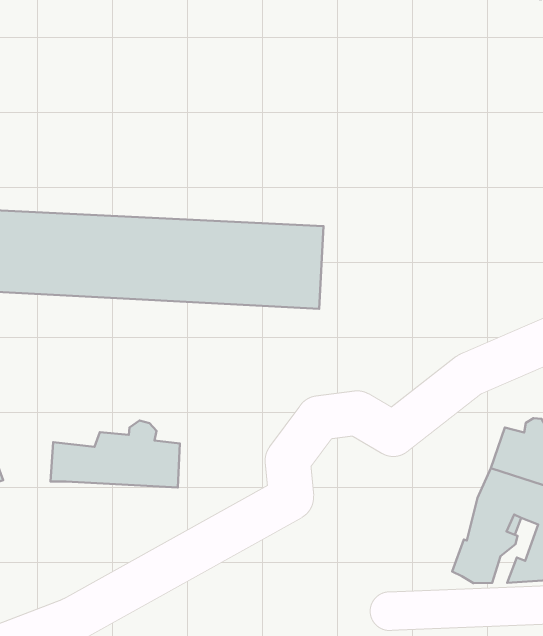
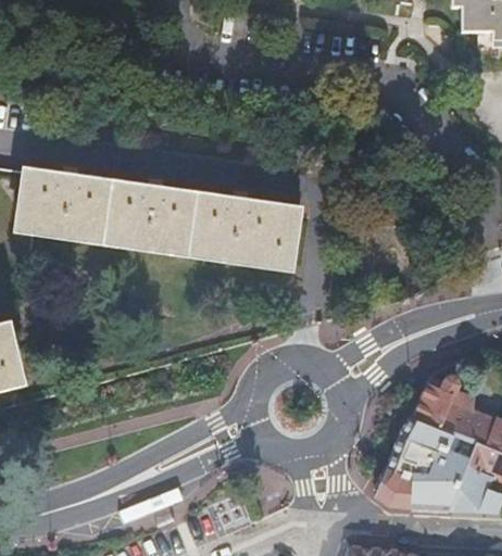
building: [50,421,180,488] -> none

